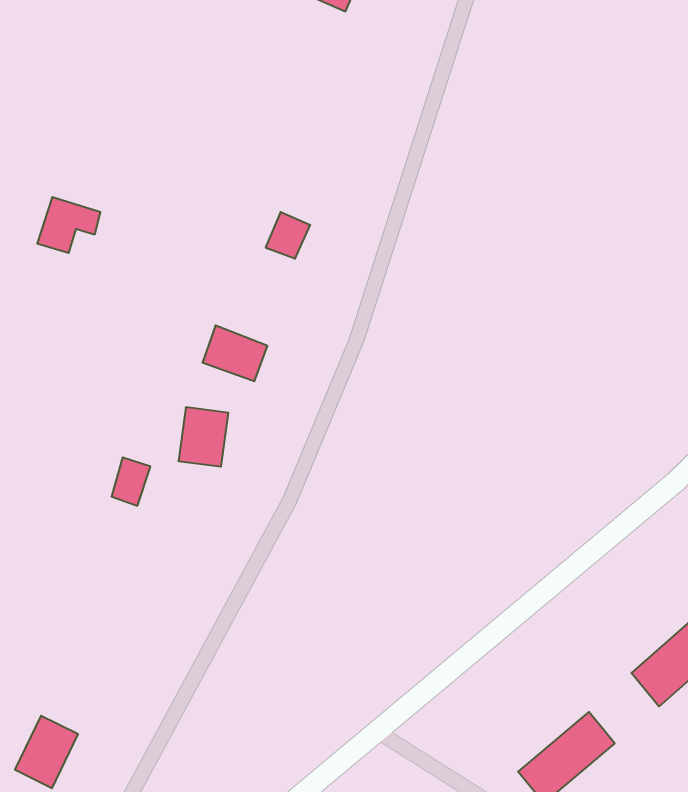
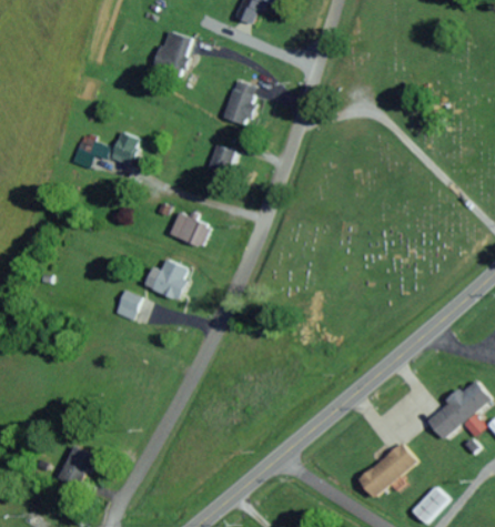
building: none -> [155,32,189,75]
building: none -> [223,80,256,125]
building: none -> [109,131,141,166]

